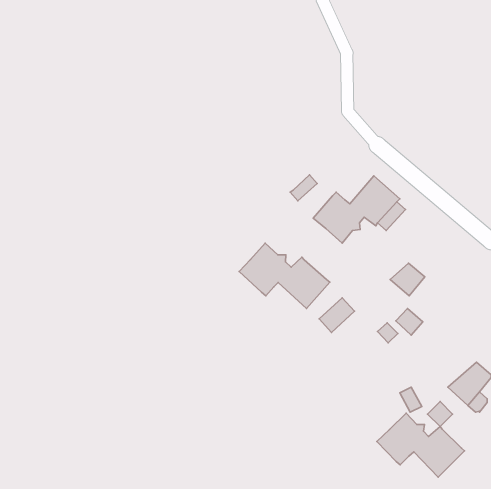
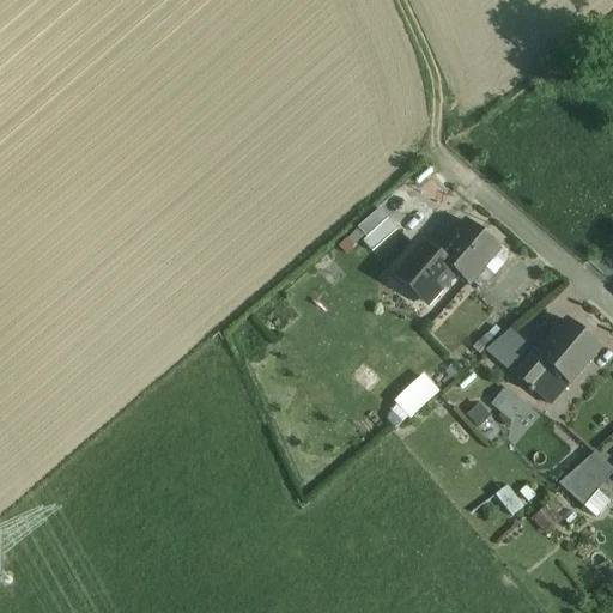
building: [239,243,330,309] -> none
building: none -> [514,318,599,402]
building: [377,413,464,477] -> none

